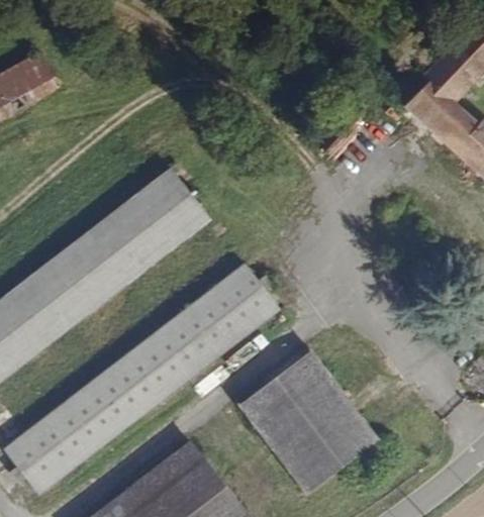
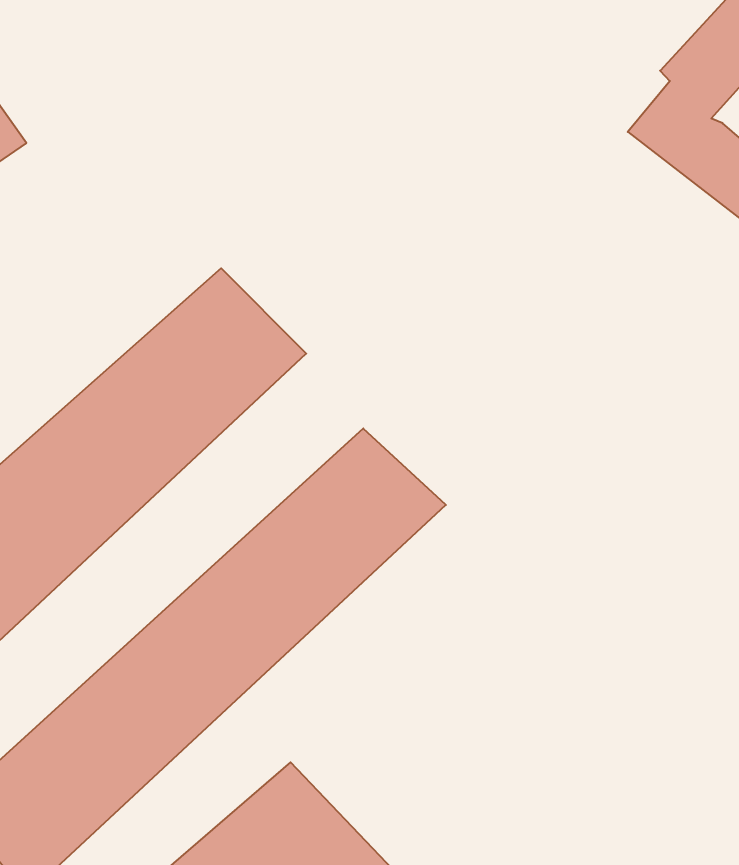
building: [241,347,378,490] -> none

